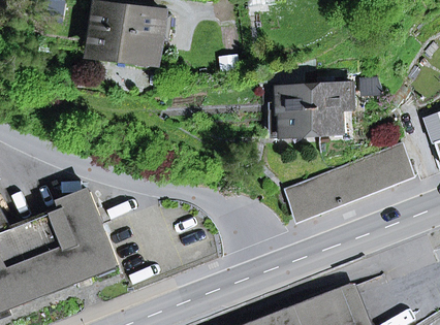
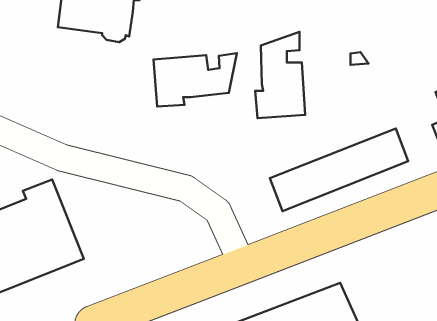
building: none -> [154,53,237,106]
building: [314,83,352,132] -> none

